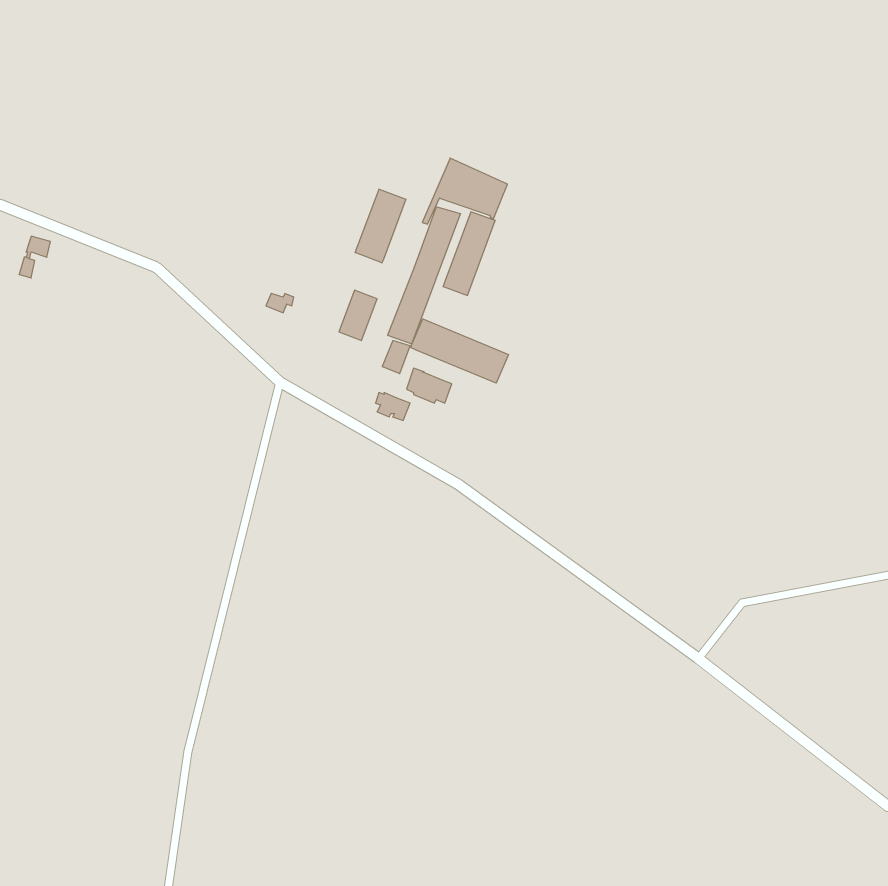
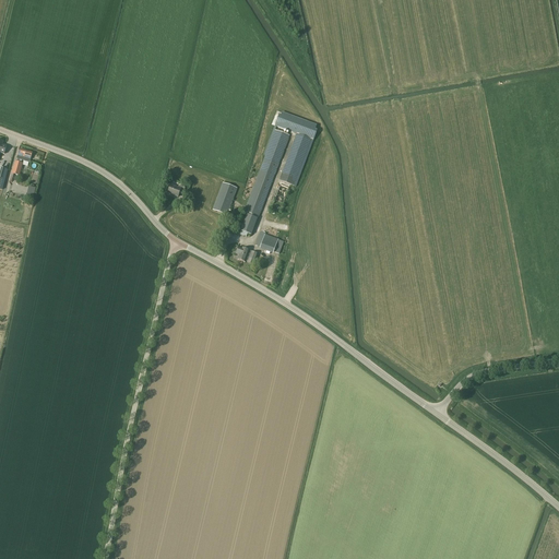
building: [355,189,406,263] -> none
building: [410,319,508,383] -> none

